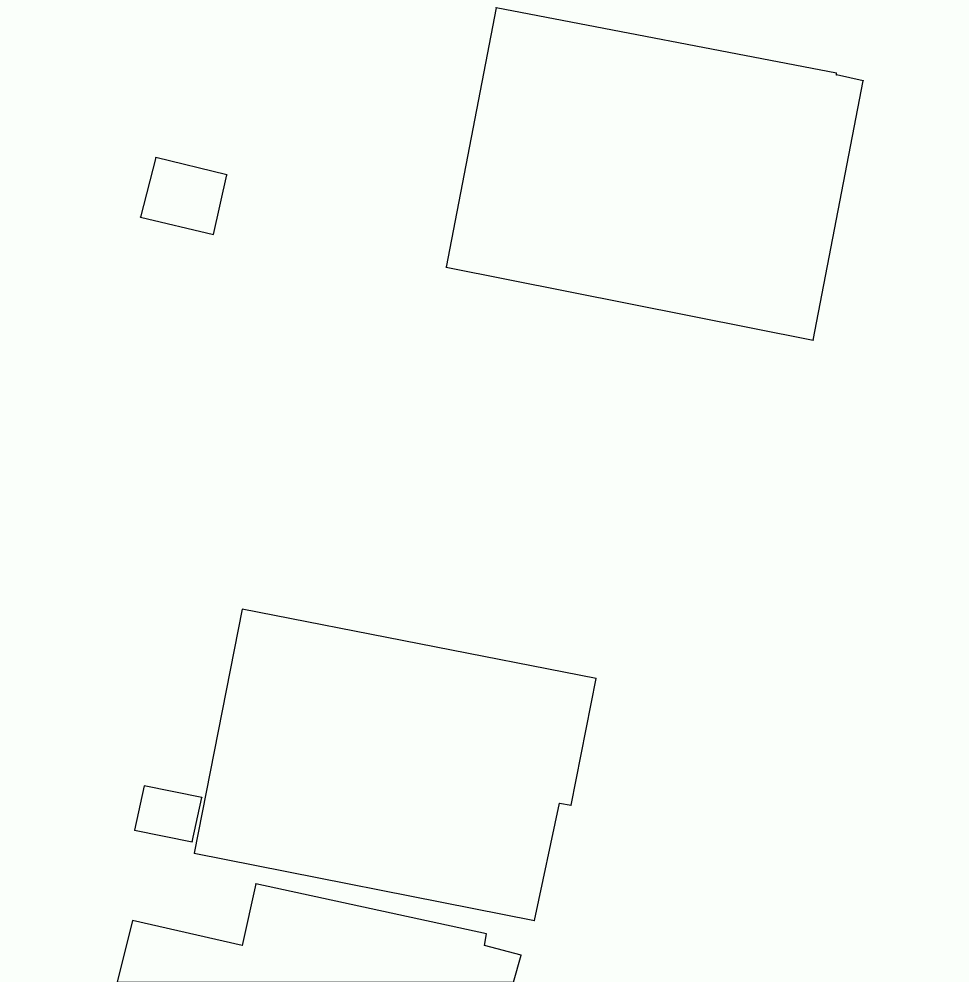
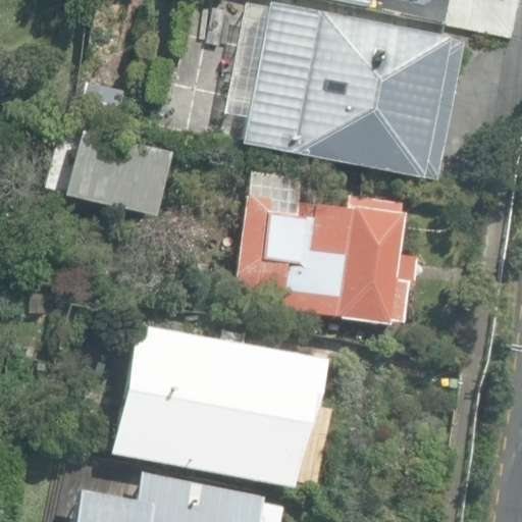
building: none -> [66,127,175,218]
building: none -> [239,196,418,323]

